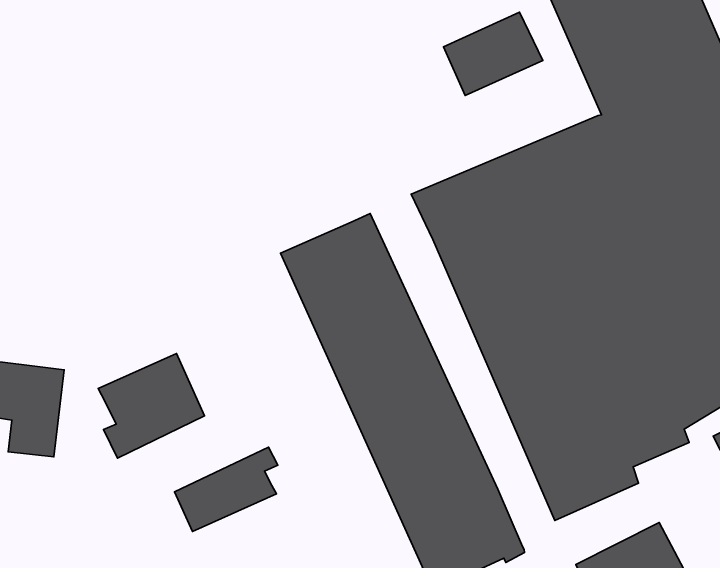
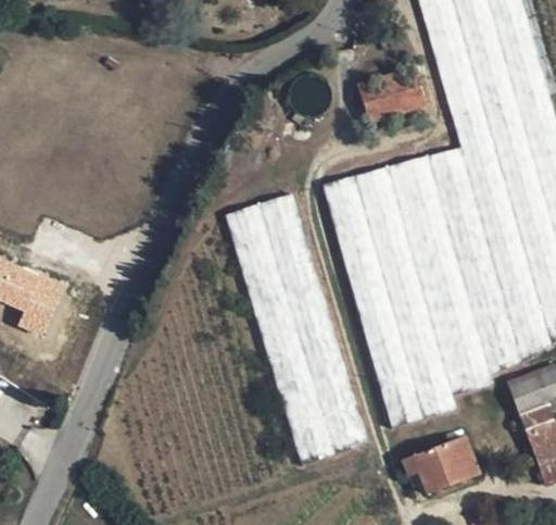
building: [98,354,205,458] -> none
building: [174,447,278,531] -> none

